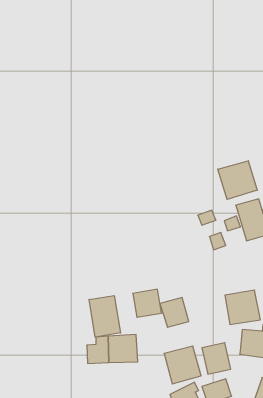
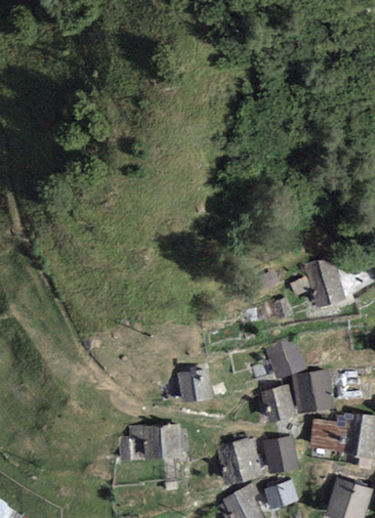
building: [218,161,257,199] -> none
building: none -> [265,339,306,378]
building: [89,296,121,337] -> none
building: [160,298,189,327] -> [260,385,296,422]

